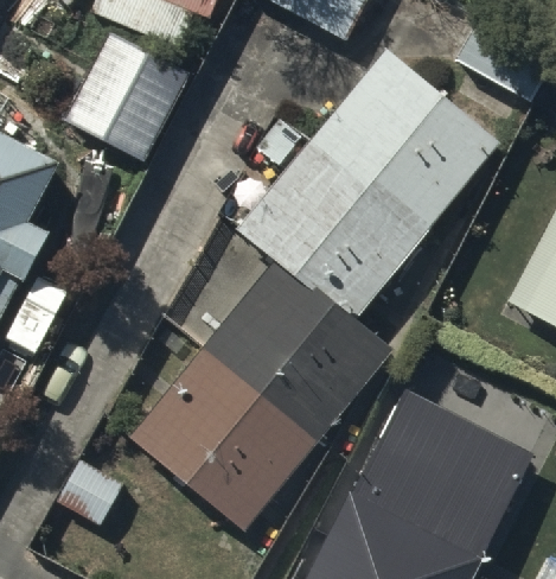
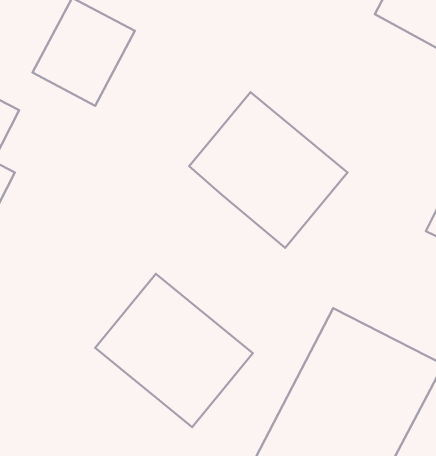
building: [313,56,497,235] -> none
building: [205,260,389,440] -> none

